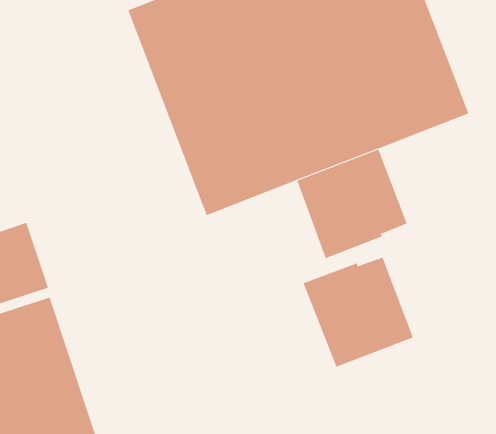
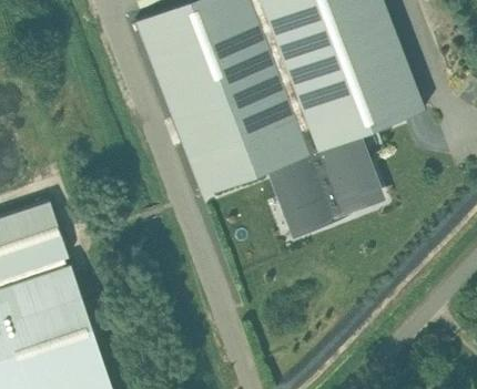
building: [303,257,413,367] -> none

